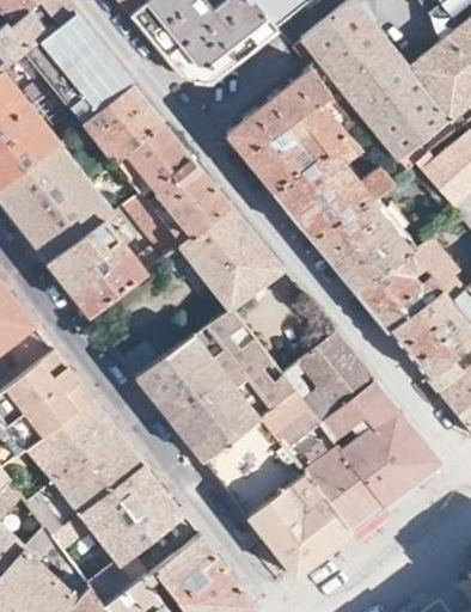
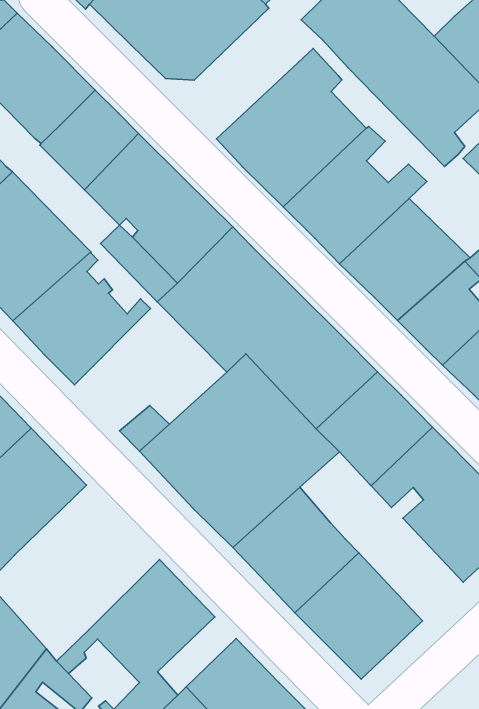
building: [263,393,319,449] -> none
building: [29,399,145,515] -> none
building: [295,446,386,536] -> none

